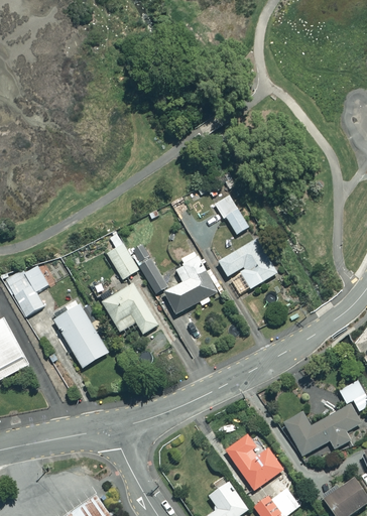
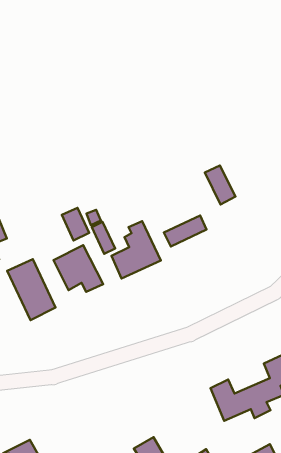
building: [215,194,250,235] -> [205,166,236,204]
building: [239,255,278,290] -> none
building: [225,434,283,490] -> none

